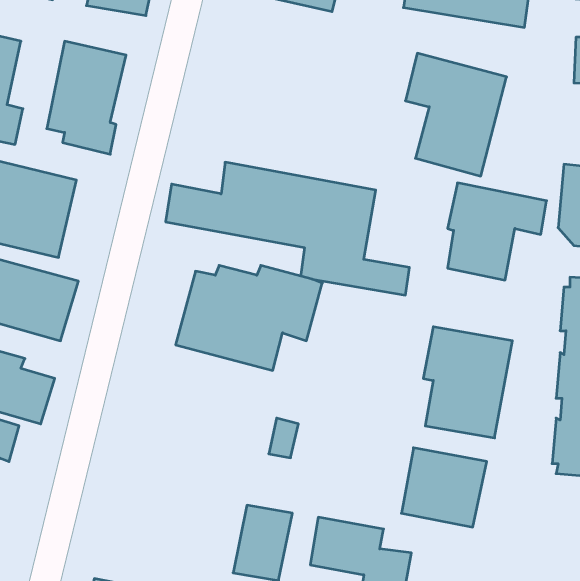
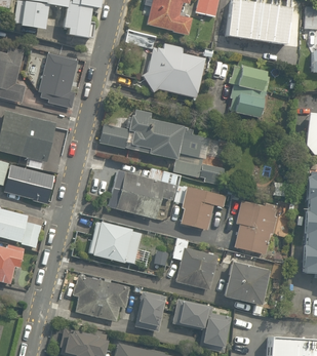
building: none -> [144,39,202,95]
building: [448,183,547,280] -> [179,180,230,230]
building: none -> [87,220,141,263]
building: none -> [174,237,217,287]
building: none -> [75,274,131,324]

